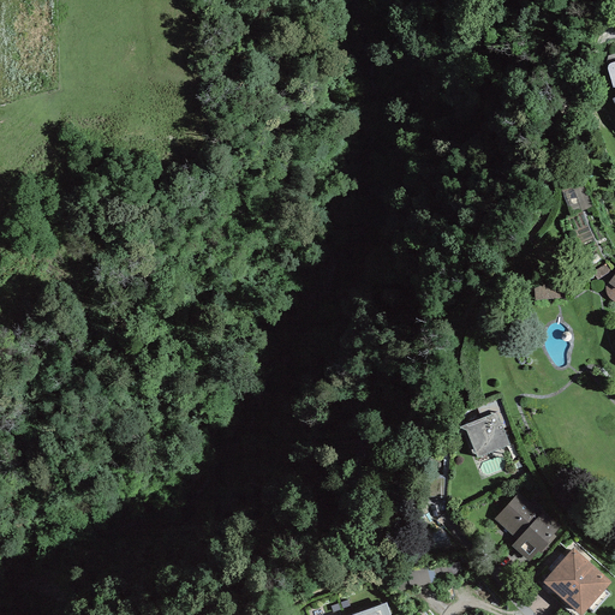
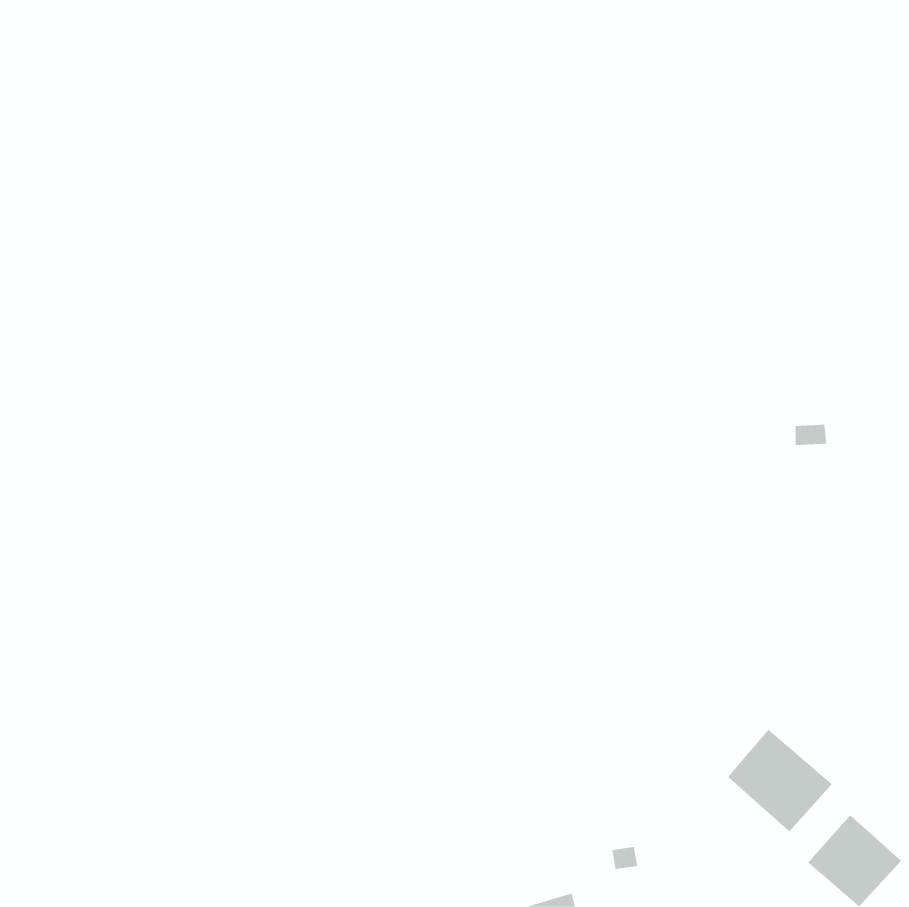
building: [465,414,509,456] -> none

